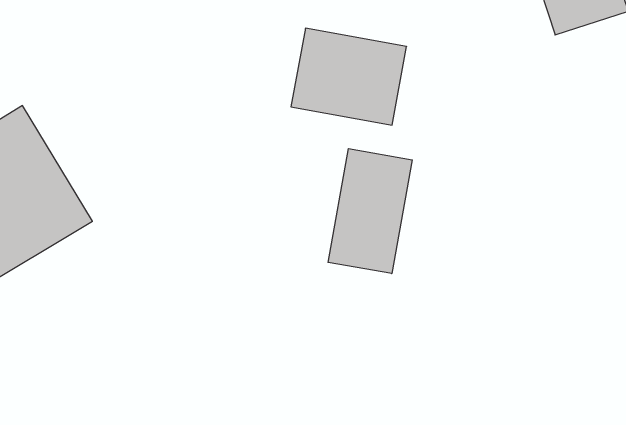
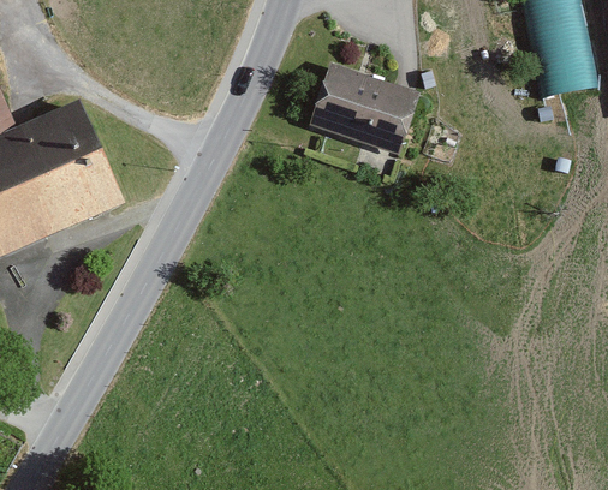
building: [328,149,412,274] -> none

